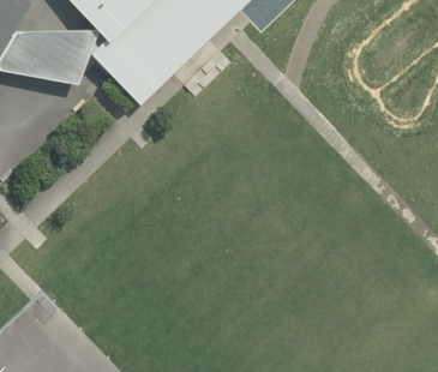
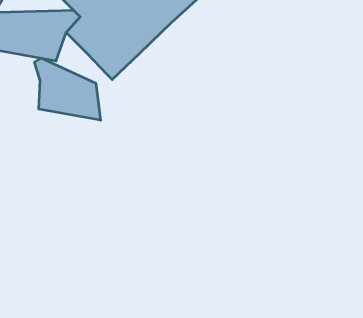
building: none -> [35,58,101,120]

